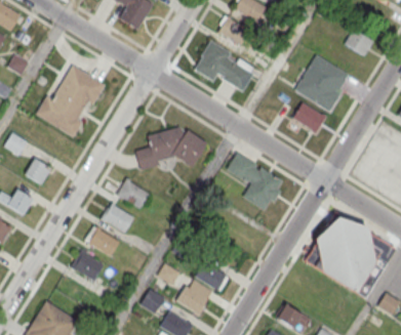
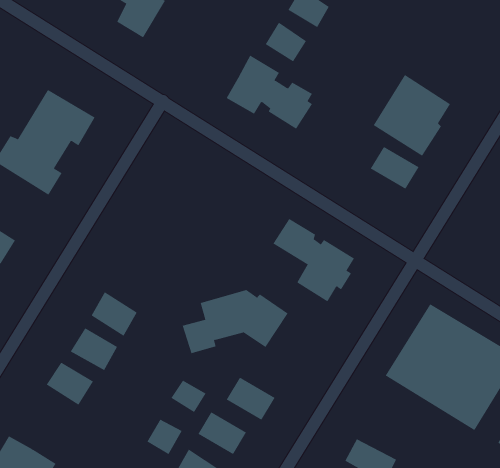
building: [344,30,372,56] -> none
building: [134,127,207,171] -> [182,289,288,354]
building: [117,179,149,209] -> none

